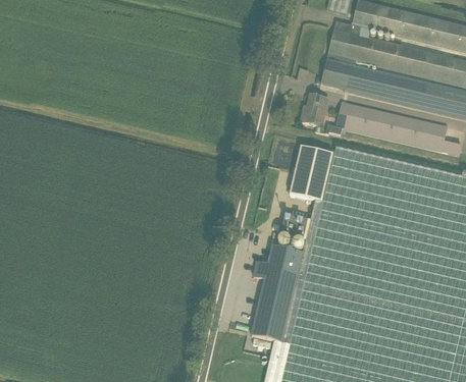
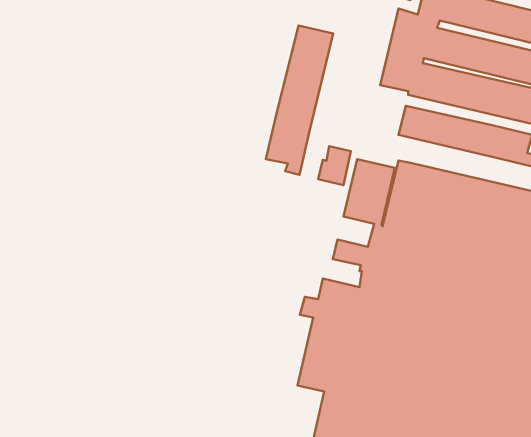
building: none -> [266,26,333,175]
building: [301,94,328,126] -> [318,146,351,185]

